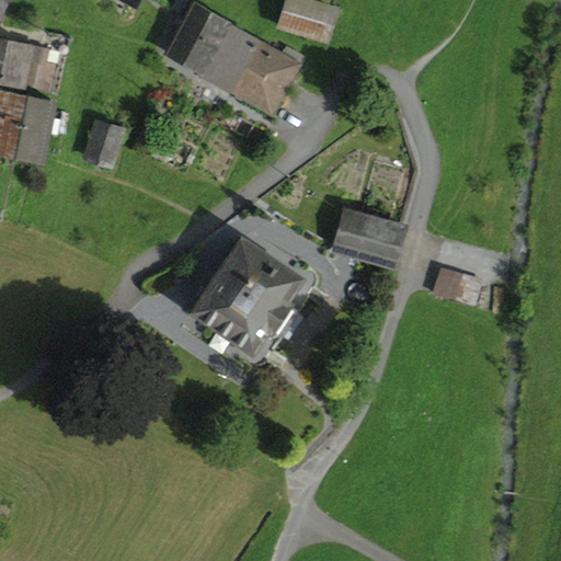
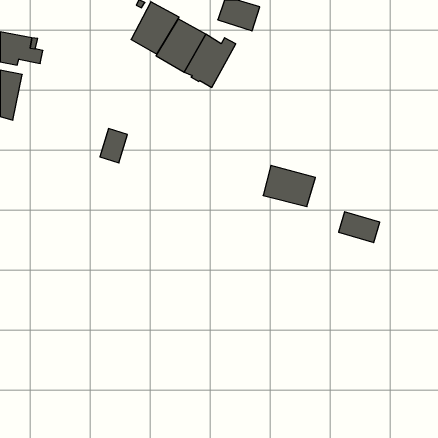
building: [16,95,60,158] -> none
building: [87,121,122,164] -> [100,129,127,163]
building: [193,238,301,352] -> none

